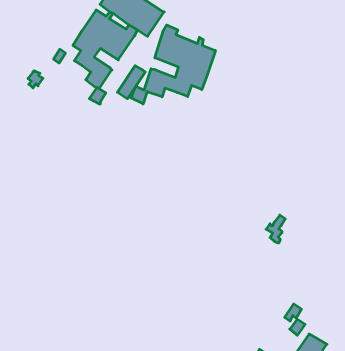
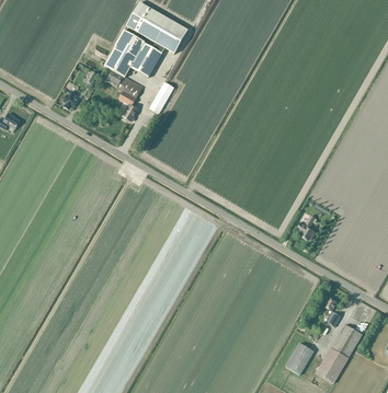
building: [130,25,215,104] -> none

